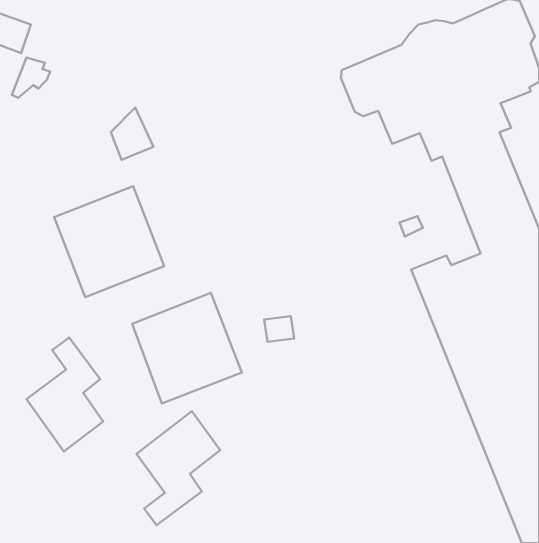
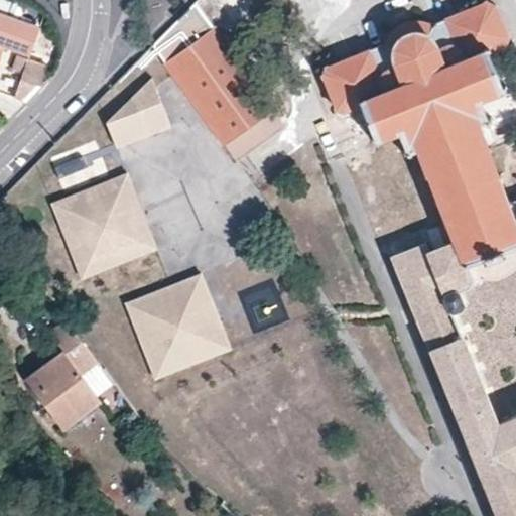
building: none -> [164,28,274,146]
building: none -> [128,79,171,139]
building: [136,411,220,525] -> none

